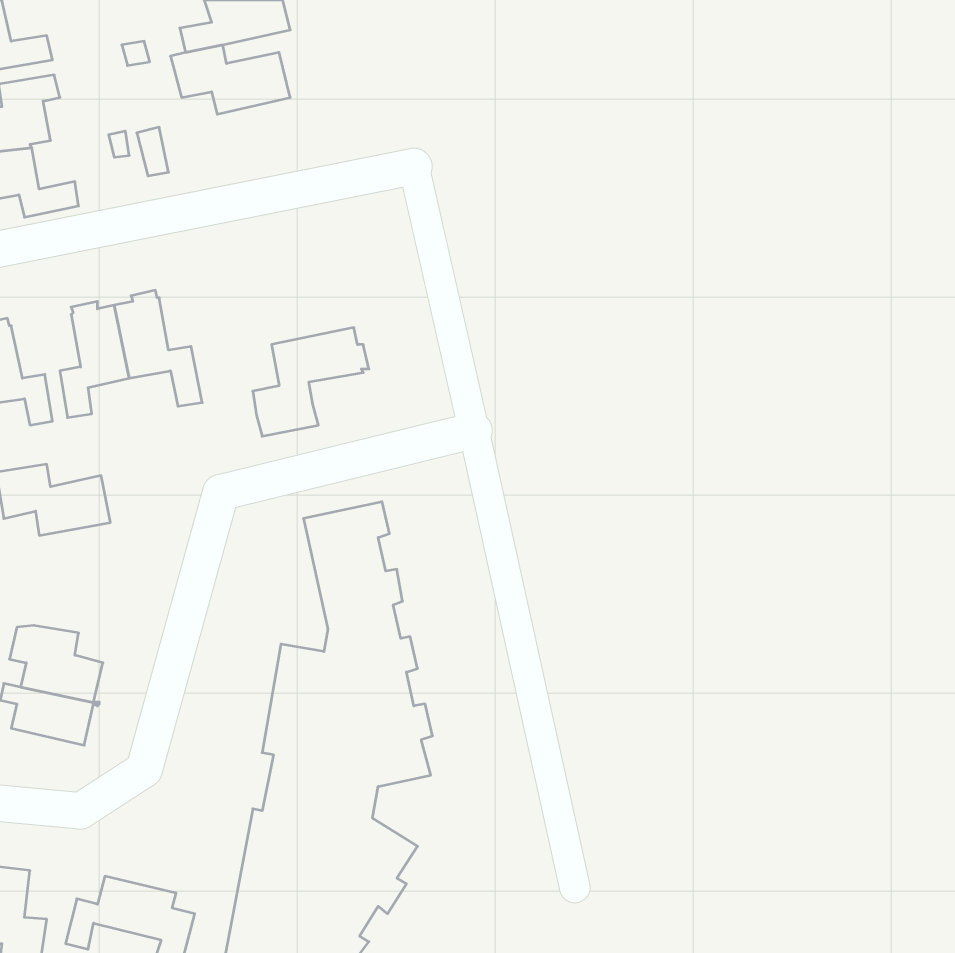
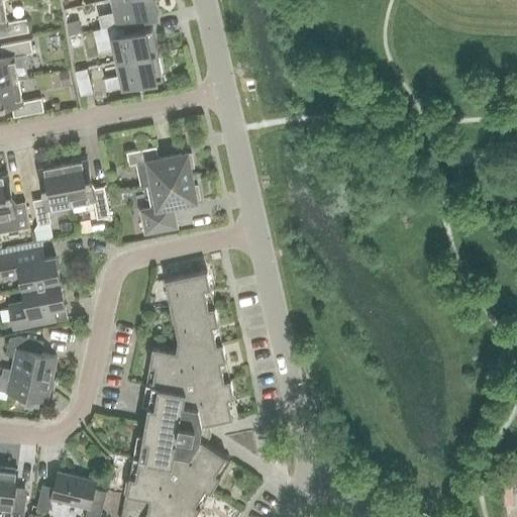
building: none -> [103,55,163,92]
building: none -> [125,148,193,188]
building: none -> [7,284,65,331]

